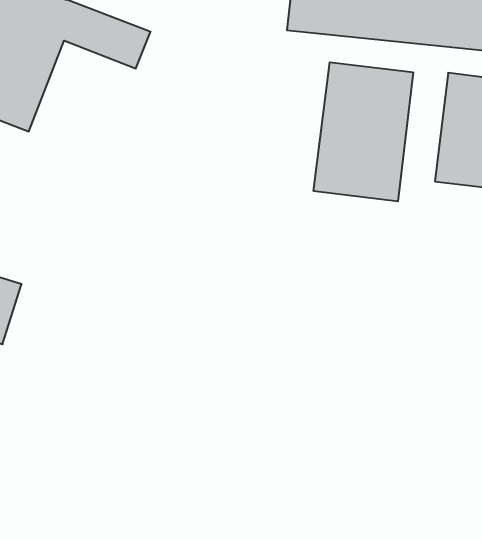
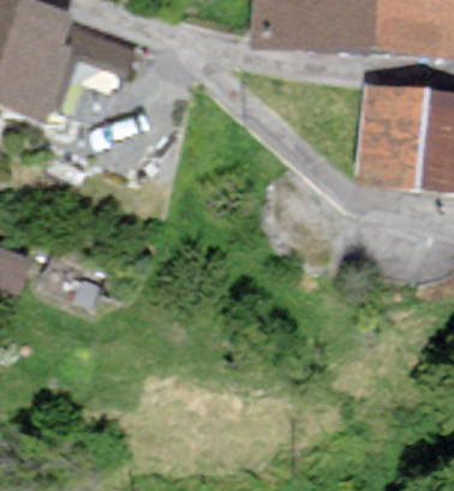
building: [314,62,413,201] -> none

